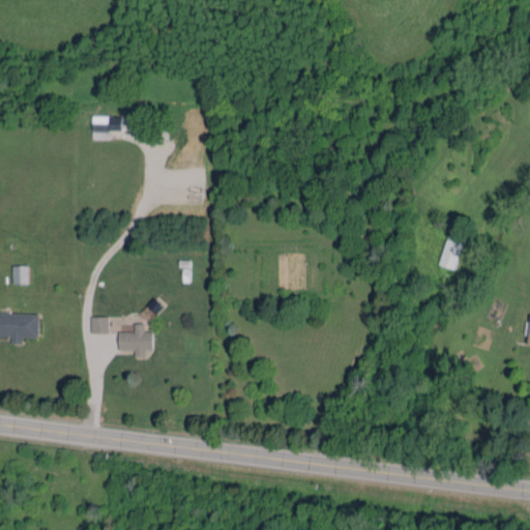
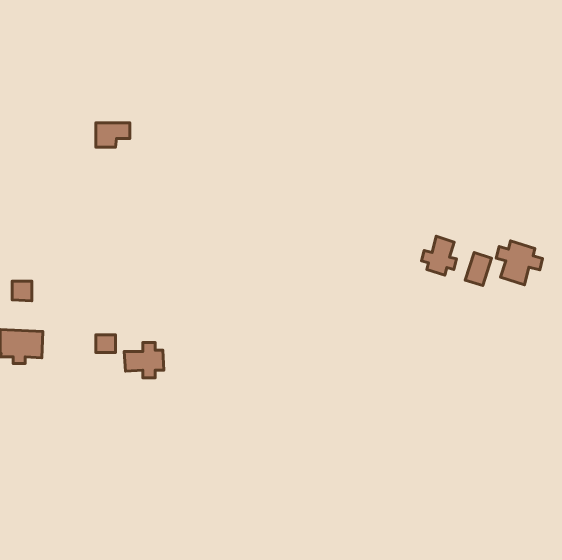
building: none -> [421,236,456,275]
building: none -> [496,241,543,285]

